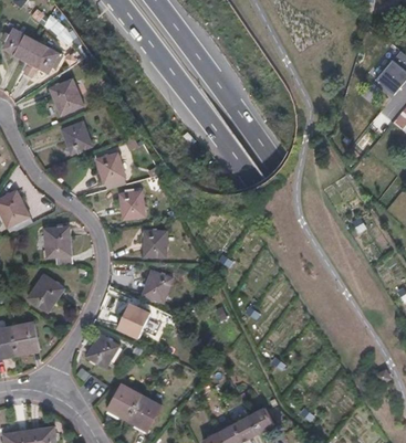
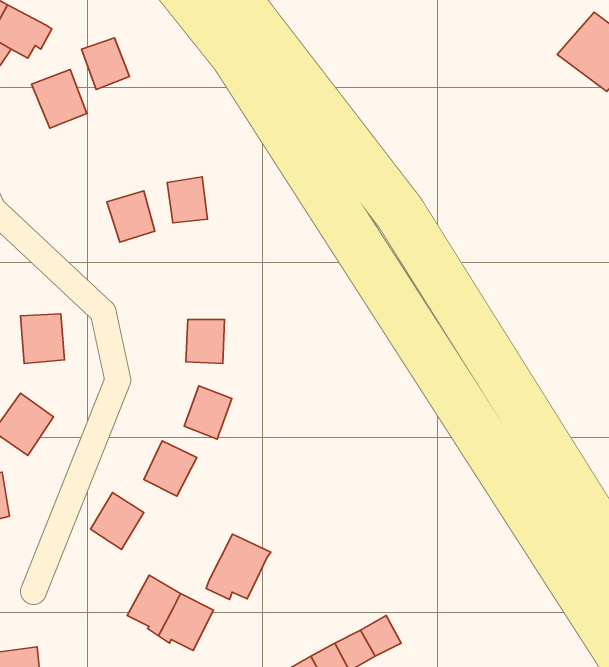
building: [62,123,91,154] -> [82,38,129,89]
building: [119,190,144,218] -> [167,177,208,223]
building: none -> [206,534,271,600]

